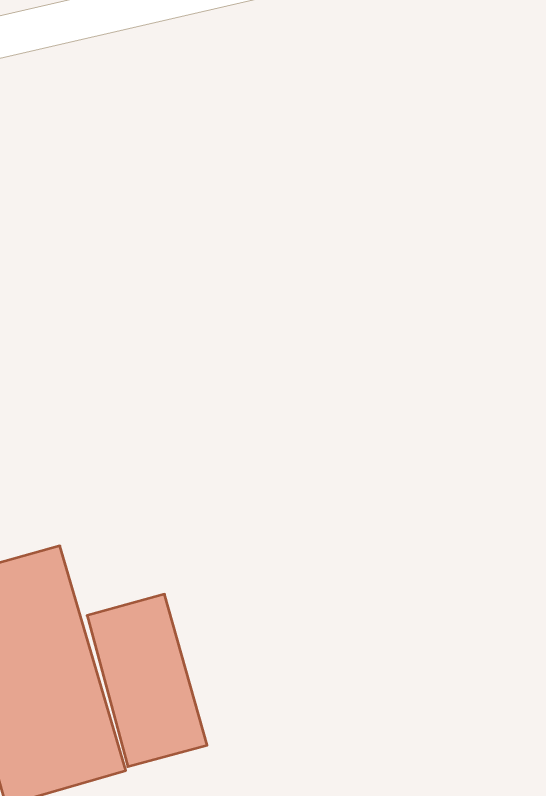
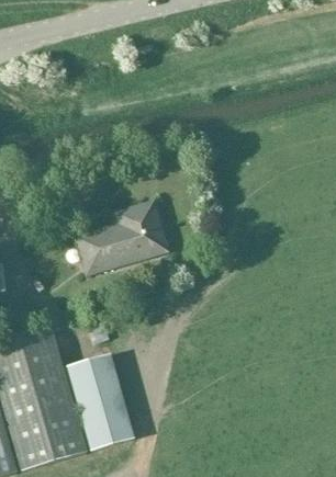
building: none -> [72,200,169,277]

